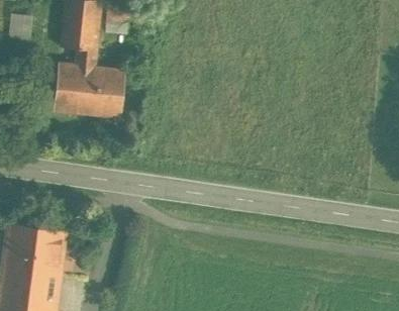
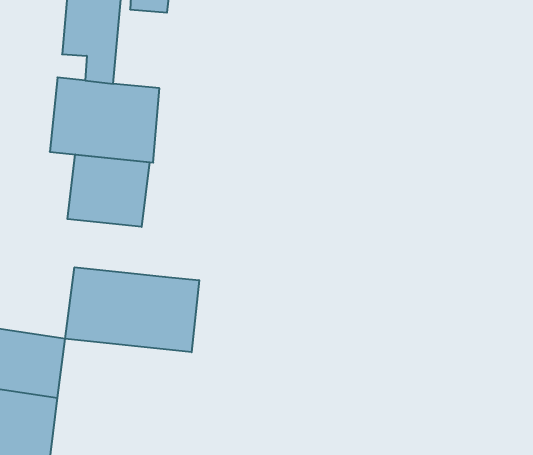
building: none -> [67,154,149,227]
building: none -> [65,267,199,352]

